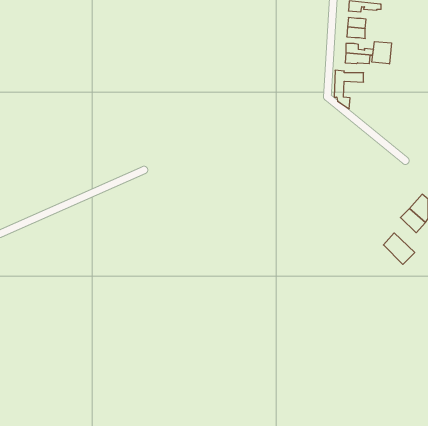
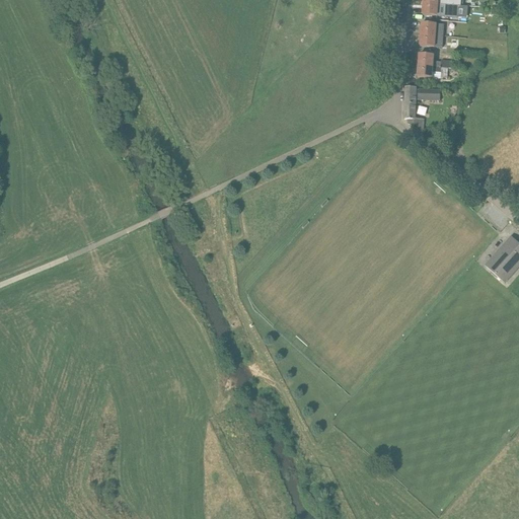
building: [372,42,391,64] -> none
building: [383,233,415,264] -> none

